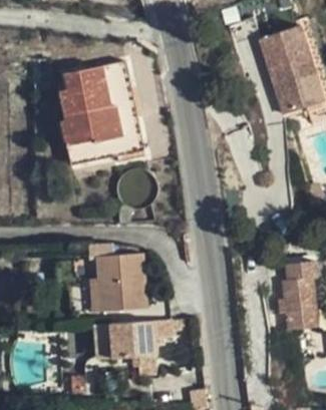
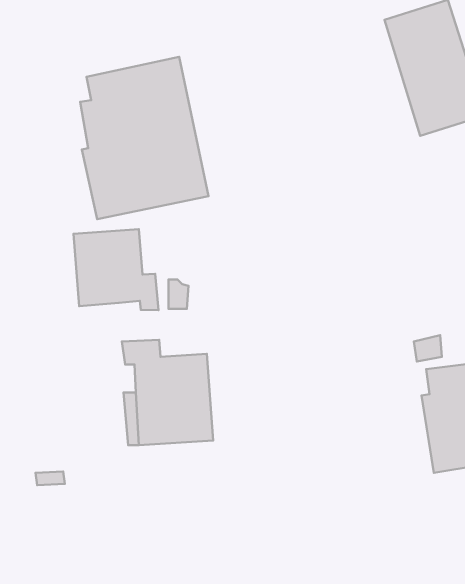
building: none -> [74,229,159,310]
building: [109,319,172,372] -> none

